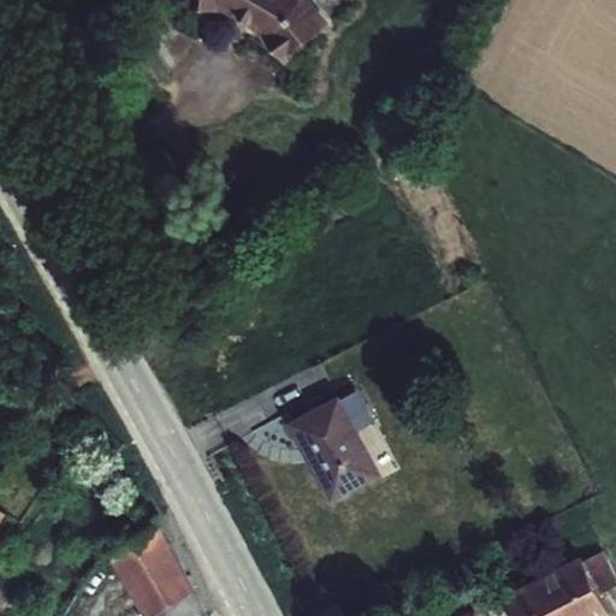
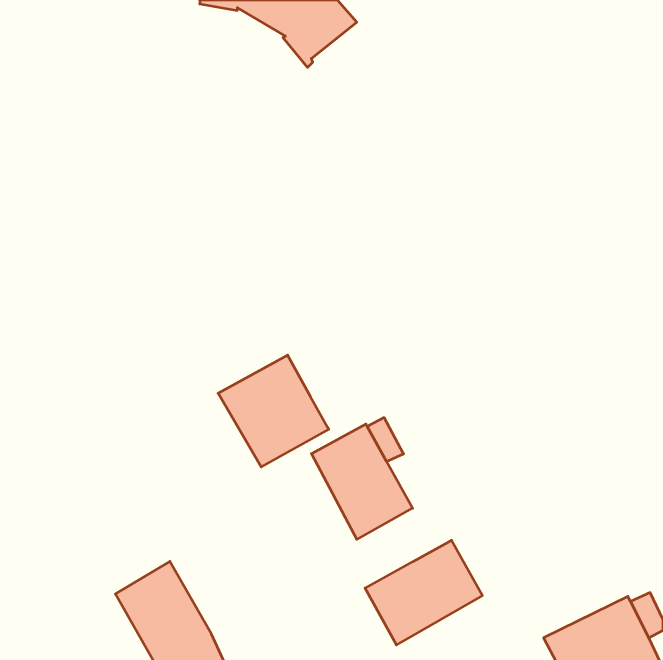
building: none -> [218,355,329,467]
building: none -> [365,540,482,645]

